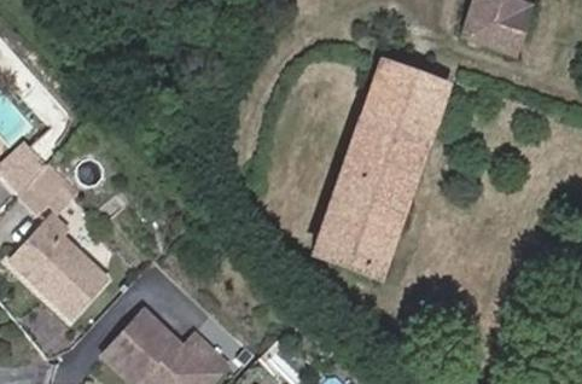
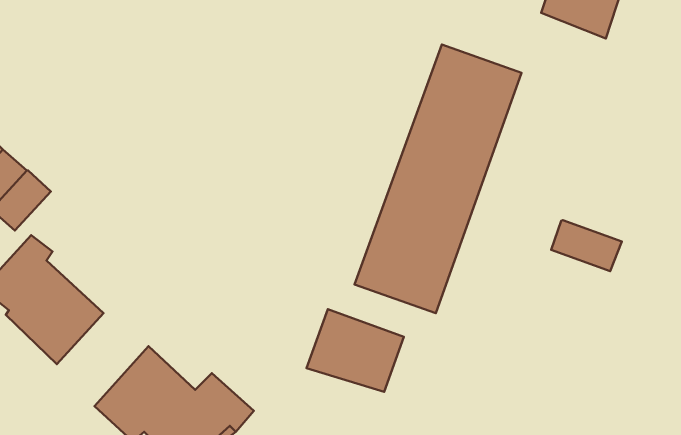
building: none -> [551,220,622,271]
building: none -> [307,309,404,392]

